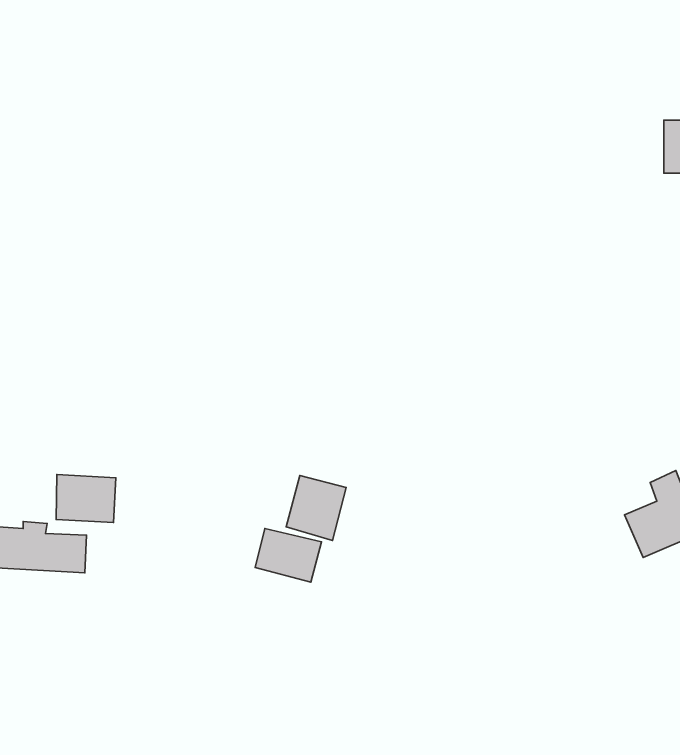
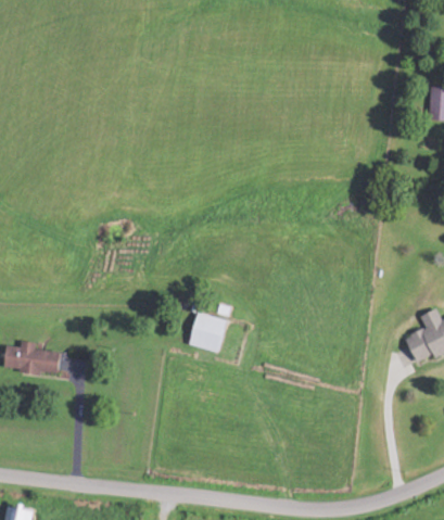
building: [56,474,116,522] -> none
building: [255,529,321,582] -> none

